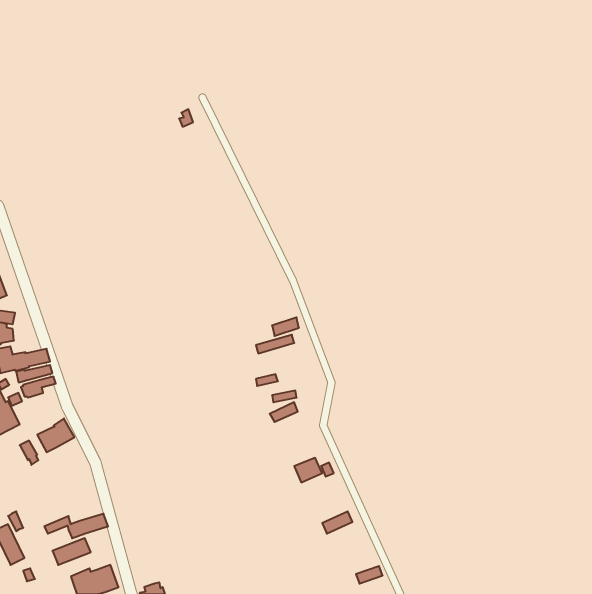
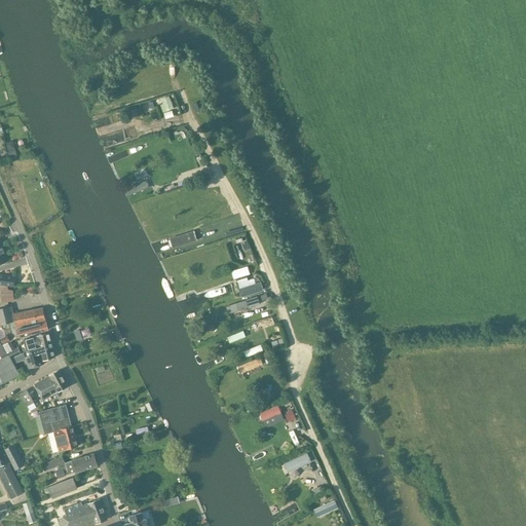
building: none -> [24,339,53,371]
building: none -> [37,405,76,452]

